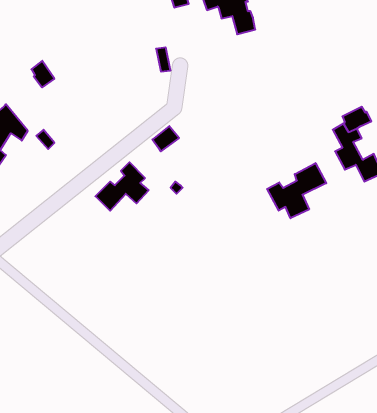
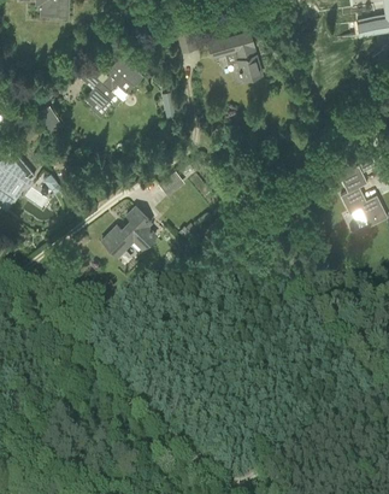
building: none -> [81,54,142,105]
building: [267,163,326,218] -> none

